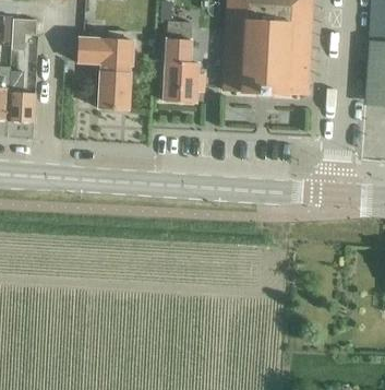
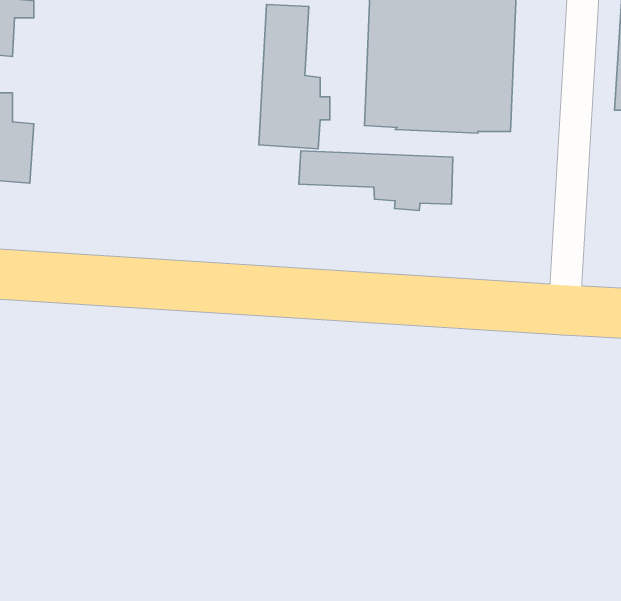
building: [77,39,133,111] -> none
building: none -> [299,151,453,211]

